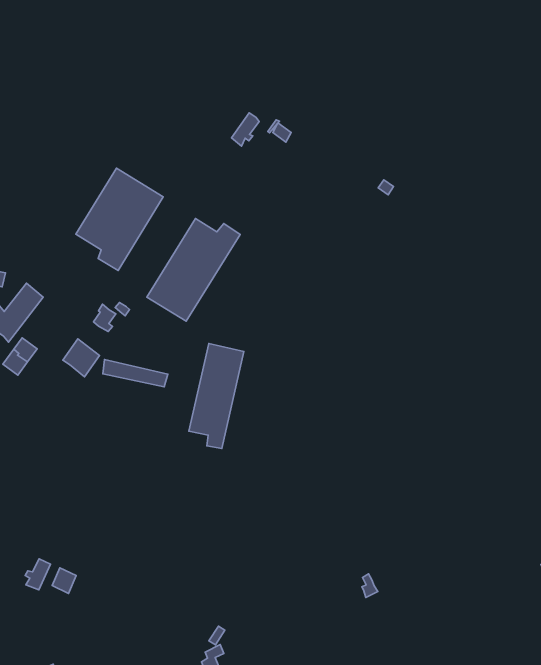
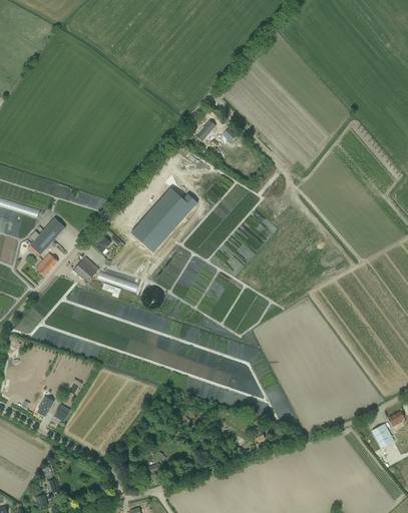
building: [76,168,163,270] -> none
building: [189,343,244,449] -> none

